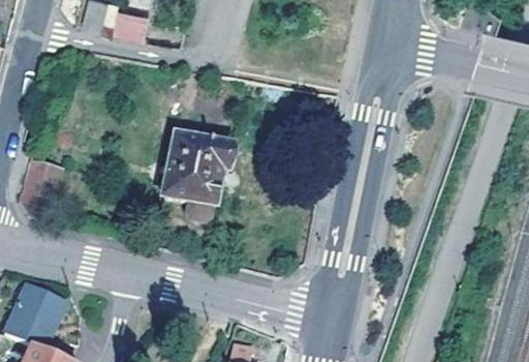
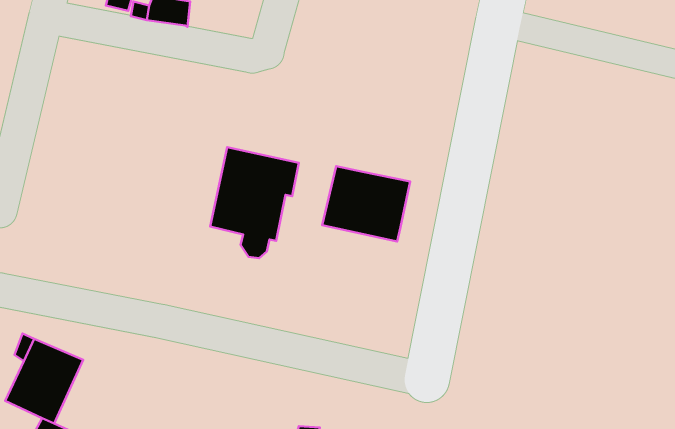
building: none -> [322,166,410,242]
building: [25,162,59,216] -> none

